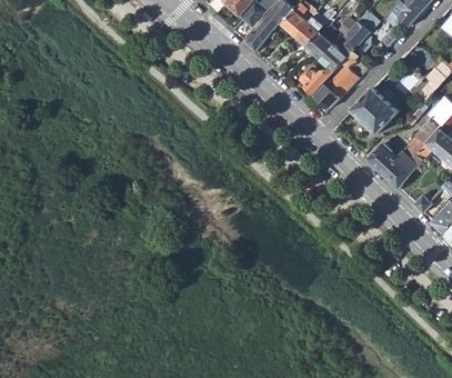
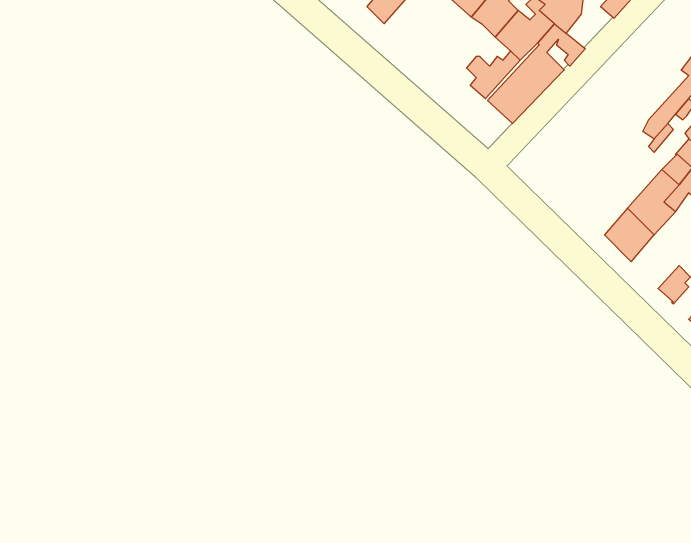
building: [351,86,398,132] -> none
building: [366,142,395,172] -> none

